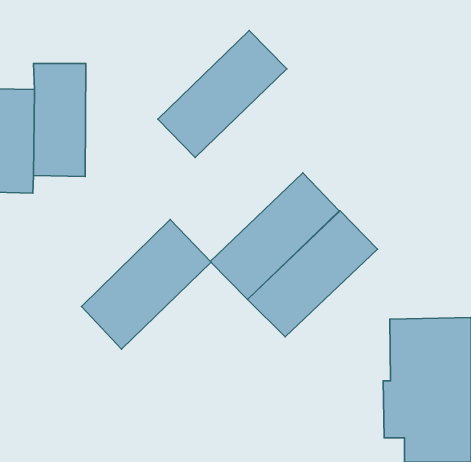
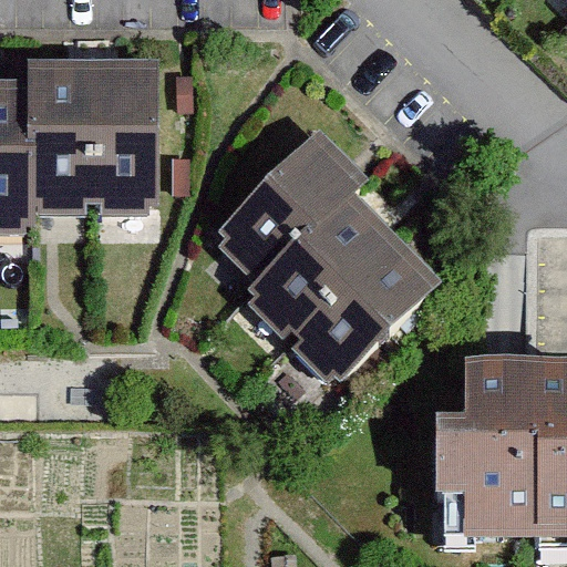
building: [158,31,287,157] -> [217,147,370,298]
building: none -> [101,75,155,209]
building: [82,219,211,349] -> none

